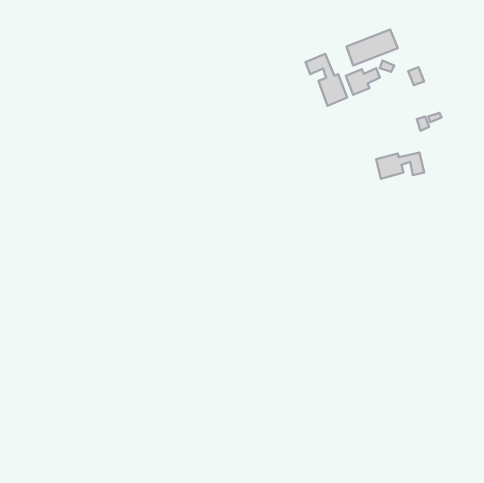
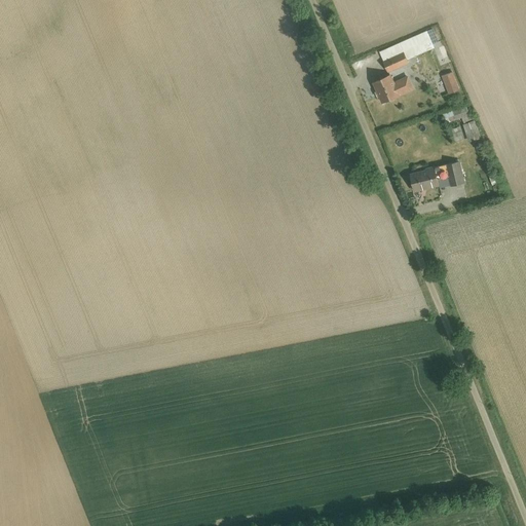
building: [305,54,347,106] -> none

